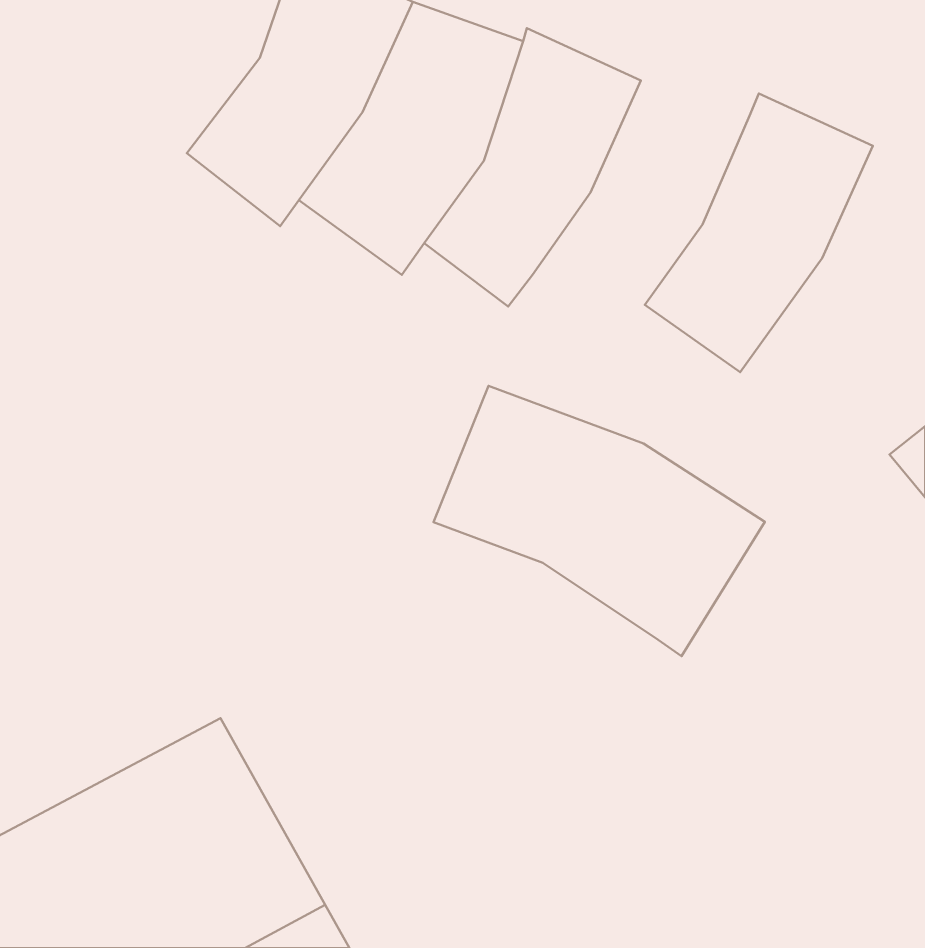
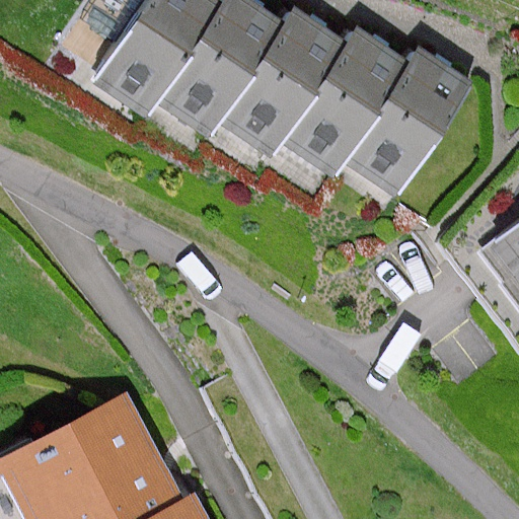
building: none -> [289,35,406,184]
building: [434,386,765,656] -> none

